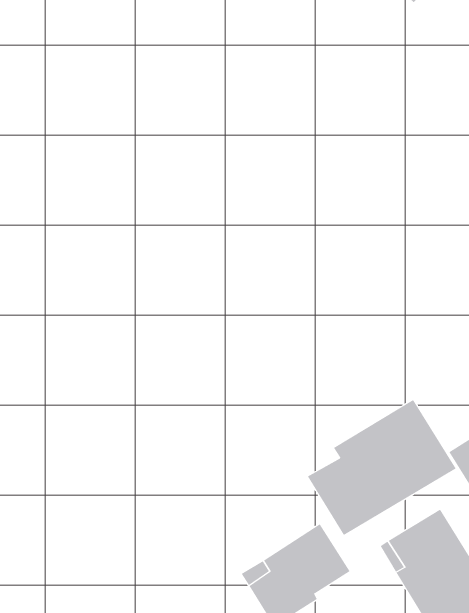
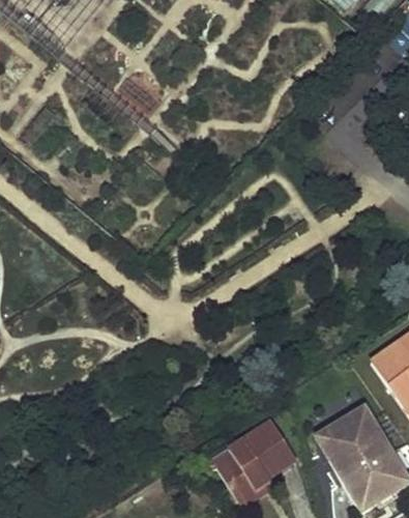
building: [307,399,456,536] -> none

